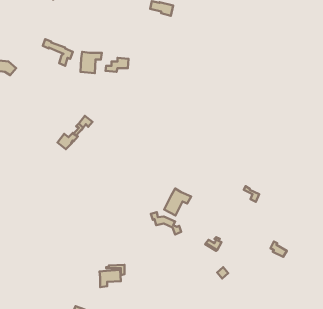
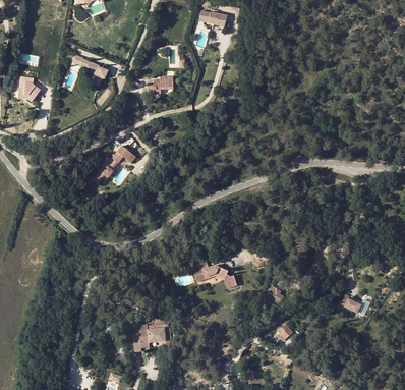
building: [81,52,102,73] -> none
building: [164,189,191,216] -> none

